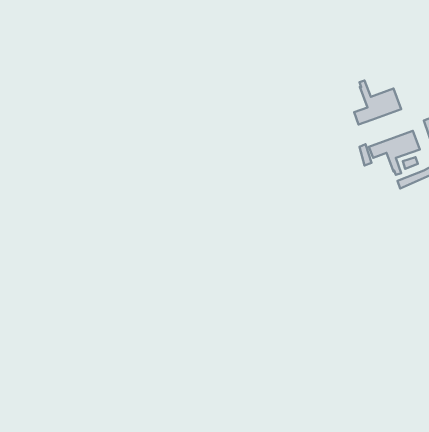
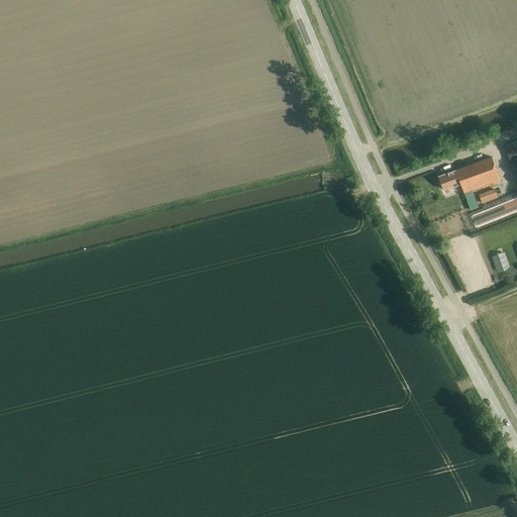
building: [354,80,401,124] -> none

